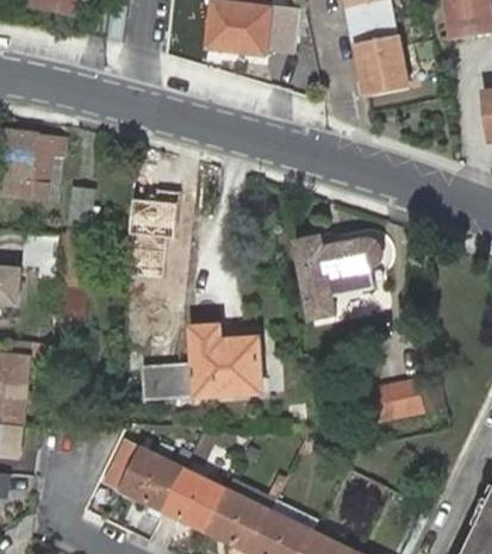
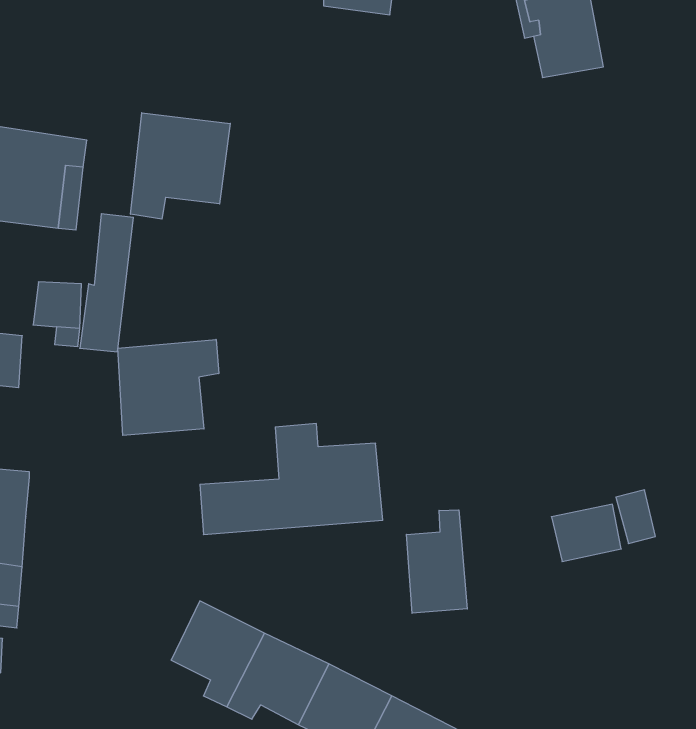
building: none -> [131,113,230,219]
building: [295,234,380,315] -> none
building: none -> [118,339,219,435]
building: none -> [406,510,467,613]

